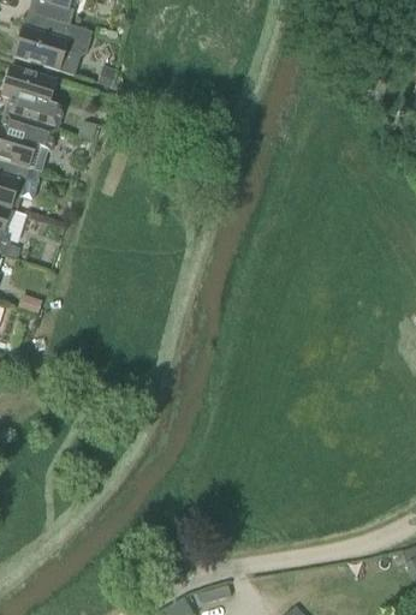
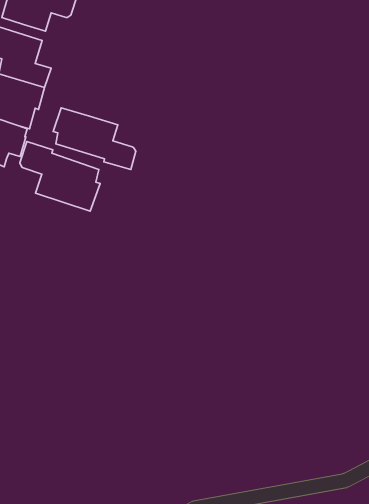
building: none -> [53,108,136,170]
building: none -> [20,141,100,211]

